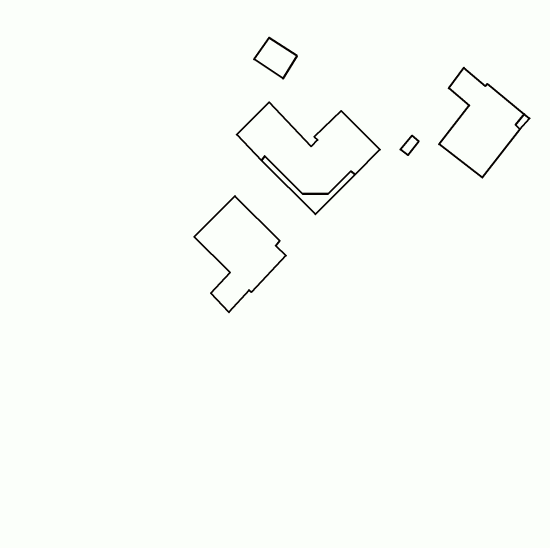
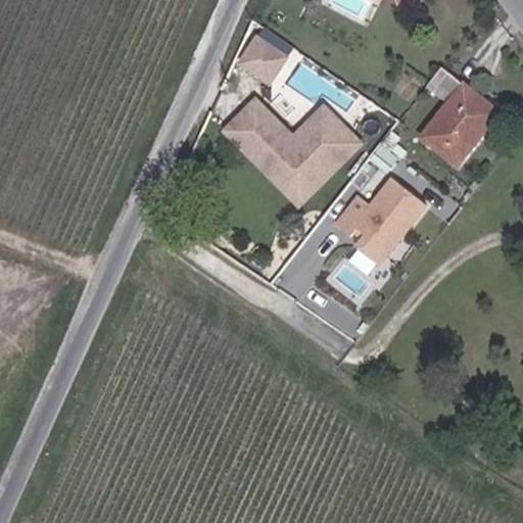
building: none -> [335,178,424,264]
building: [194,196,286,312] -> none

